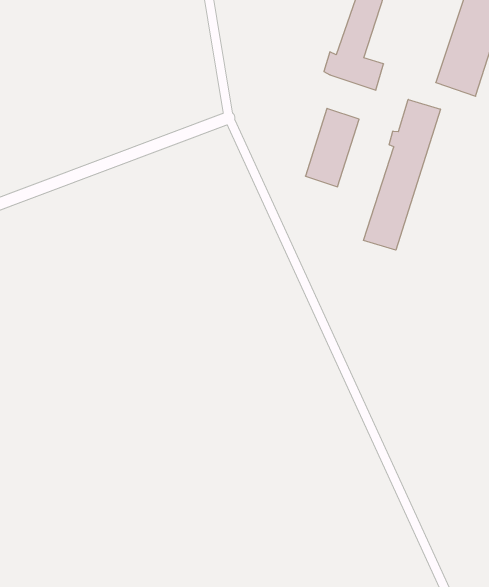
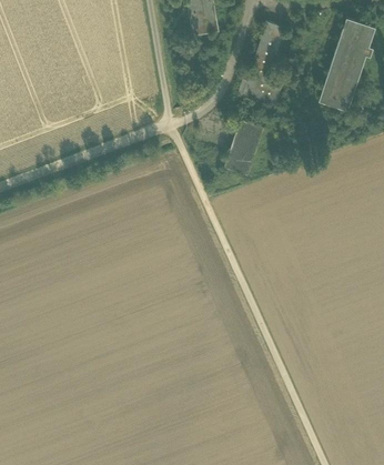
building: [363,99,440,250] -> none

